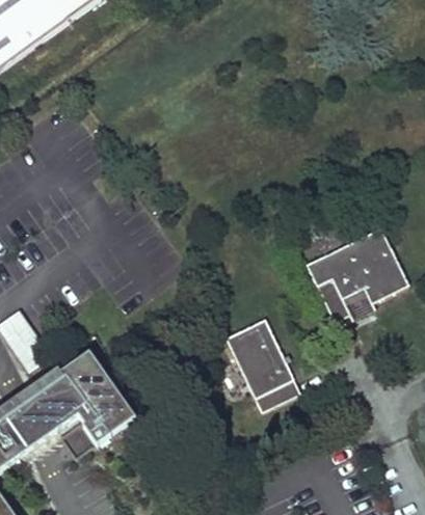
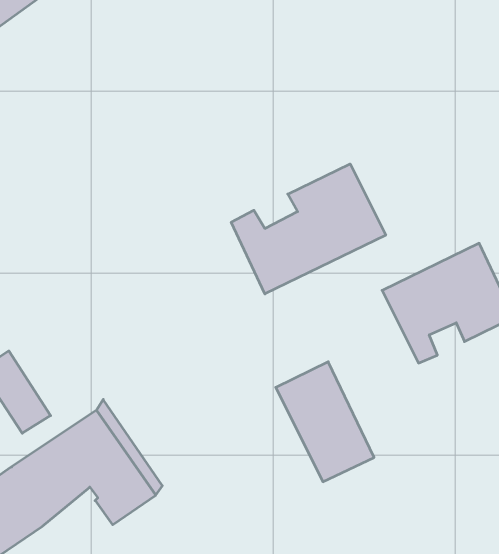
building: none -> [231,164,386,294]

